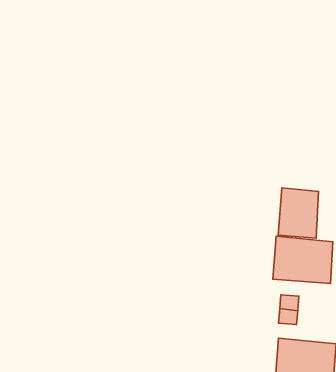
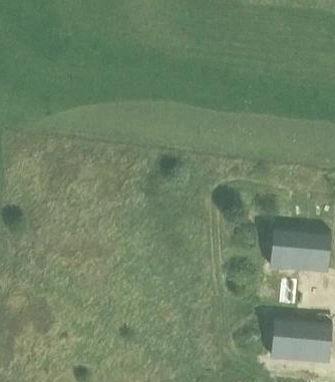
building: [278,188,319,238] -> none

